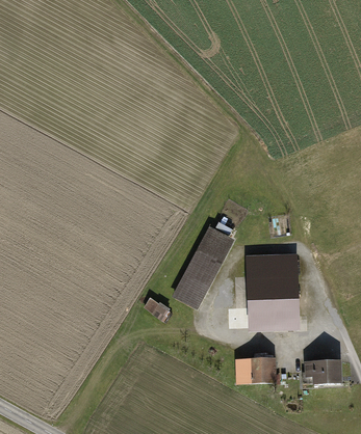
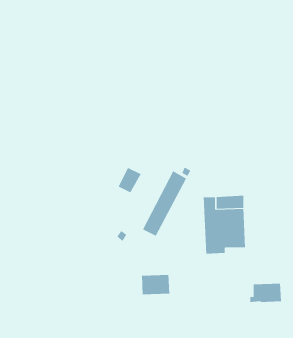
building: none -> [118,167,142,193]
building: [237,357,272,381] -> [141,275,170,295]

